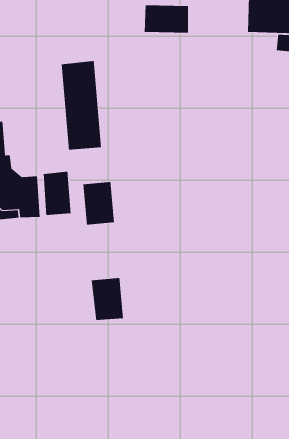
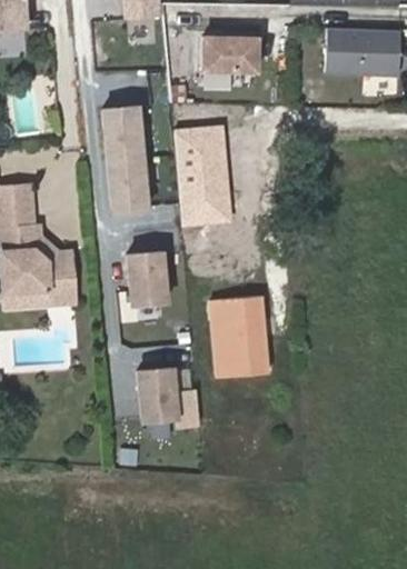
building: none -> [173,127,234,226]
building: [43,171,71,216] -> none
building: none -> [210,293,268,375]

